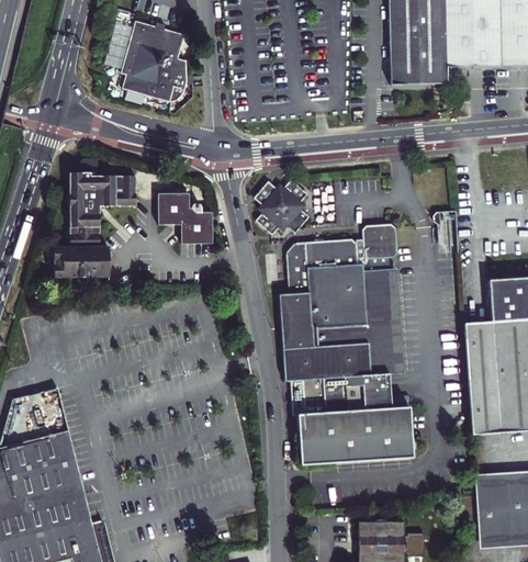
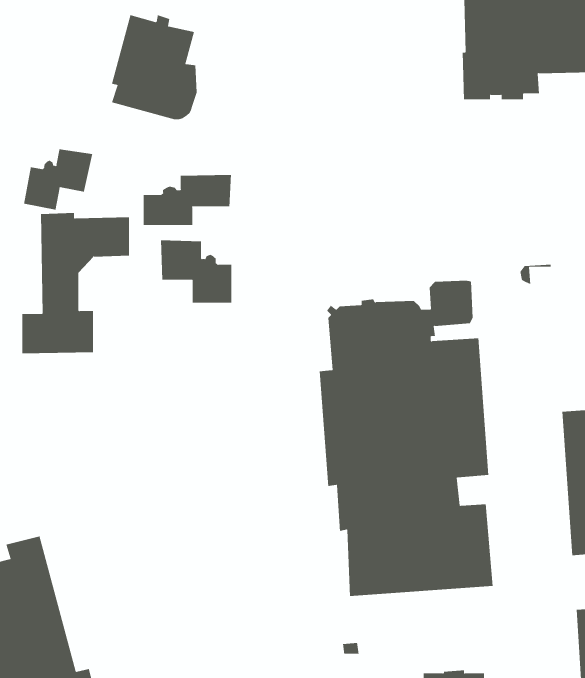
building: none -> [23,149,93,210]
building: none -> [143,174,232,226]
building: [254,180,310,236] -> none

